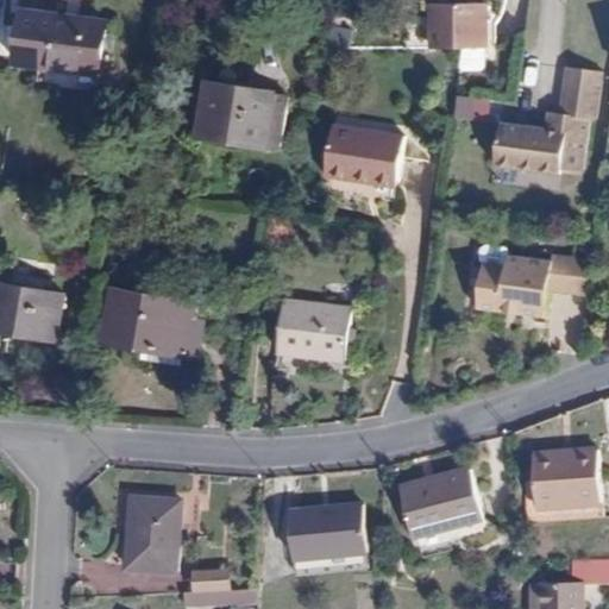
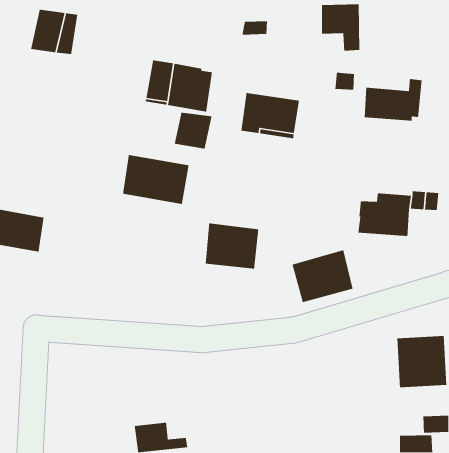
building: [12,7,52,67] -> none
building: [548,57,588,159] -> none
building: none -> [174,112,213,149]
building: [101,287,192,354] -> [122,154,189,205]
building: [397,466,481,539] -> [291,249,353,303]
building: [124,496,178,573] -> none
building: [285,503,364,561] -> none

